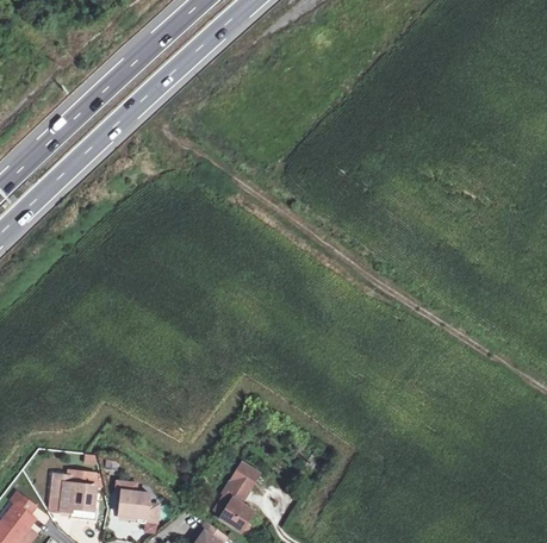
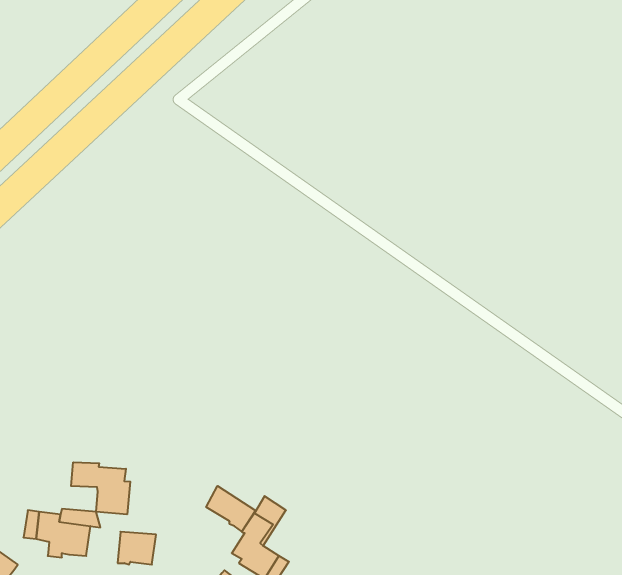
building: none -> [71,462,130,514]
building: none -> [206,486,255,532]

